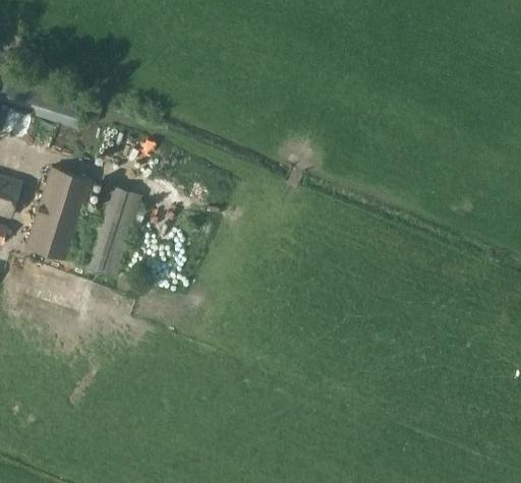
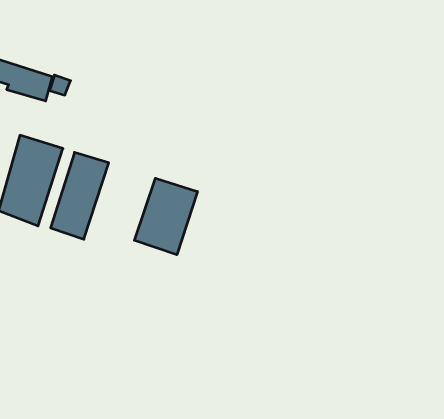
building: none -> [134,178,197,255]

